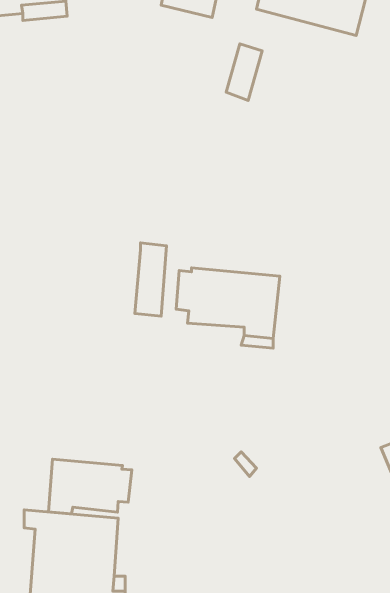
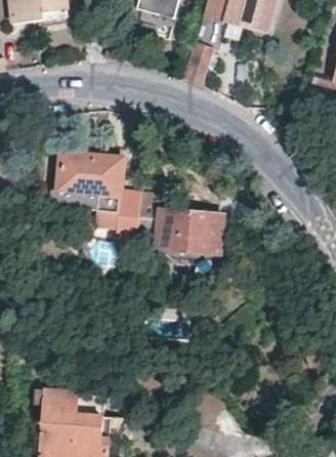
building: none -> [56,153,123,196]
building: [49,459,132,514] -> none

